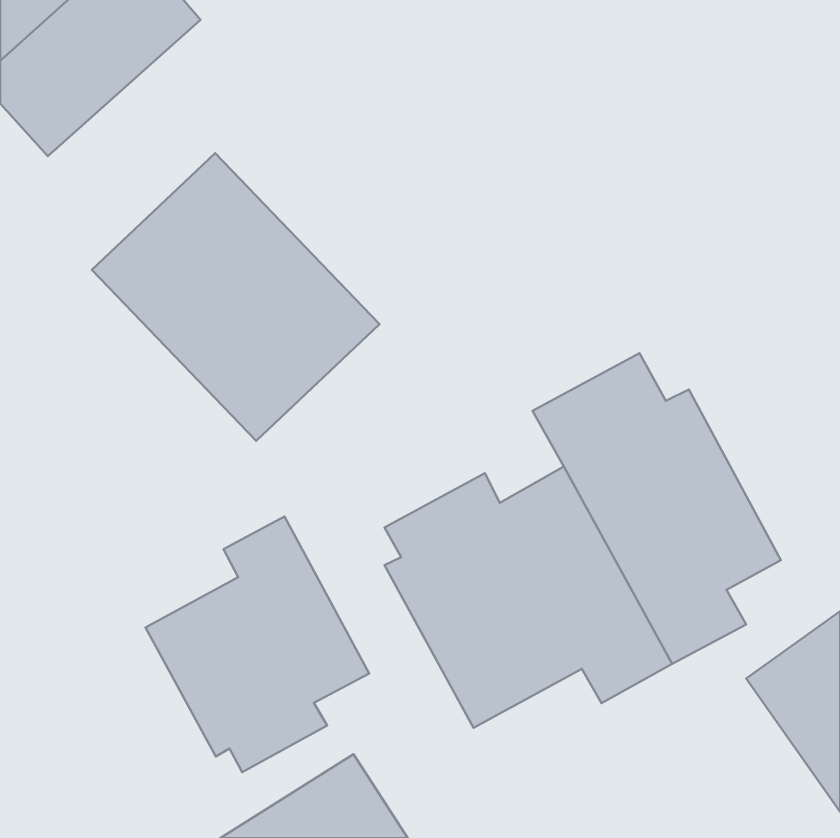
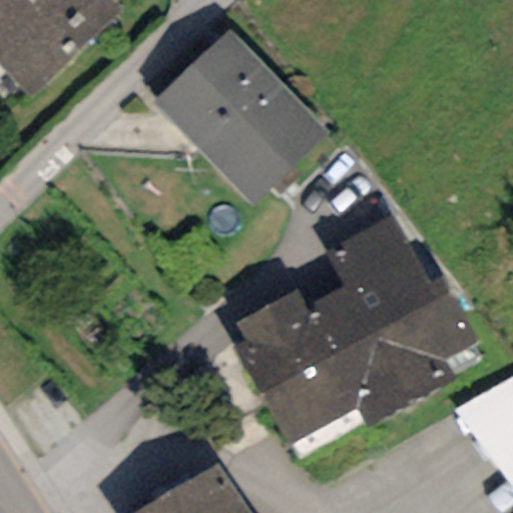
building: [92,153,380,441] -> [153,30,329,205]
building: [146,517,369,772] -> none

